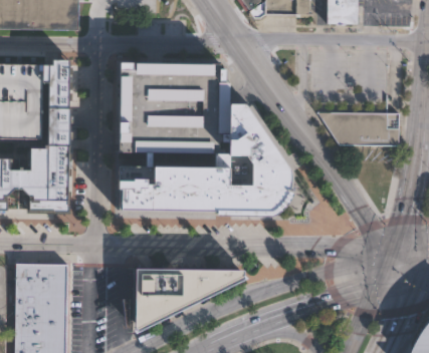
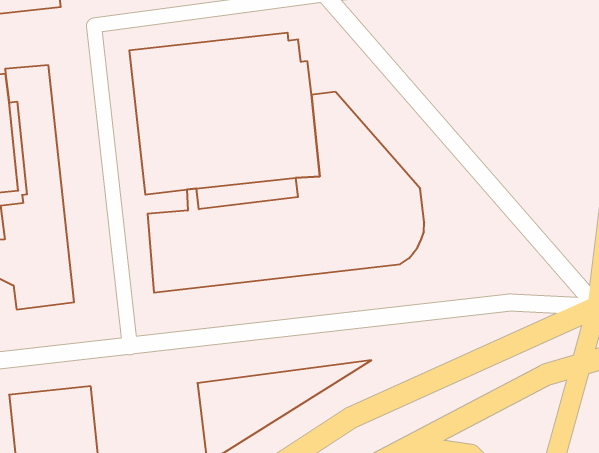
building: [328,112,398,145] -> none

